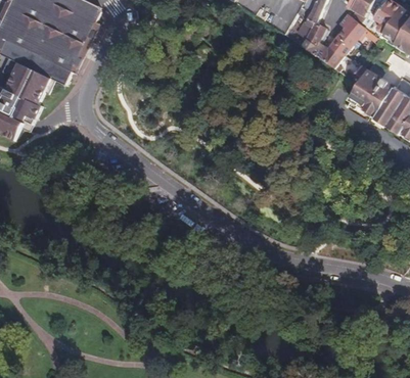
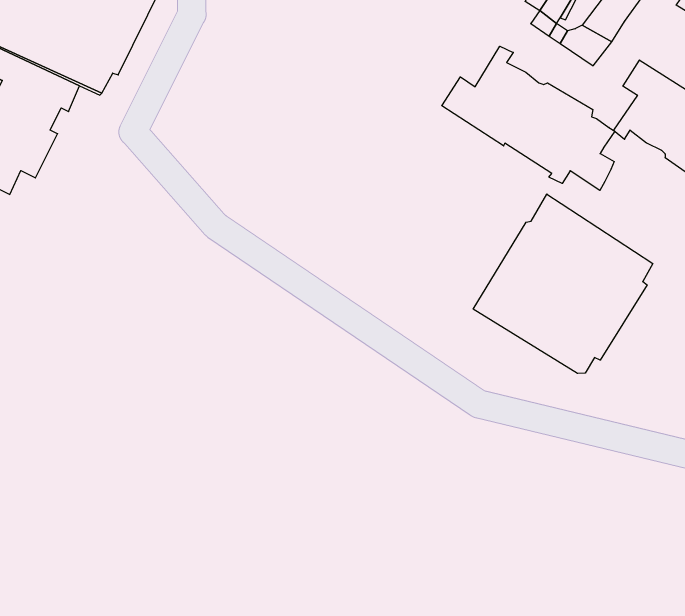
building: none -> [442,46,615,190]
building: none -> [473,194,653,373]

